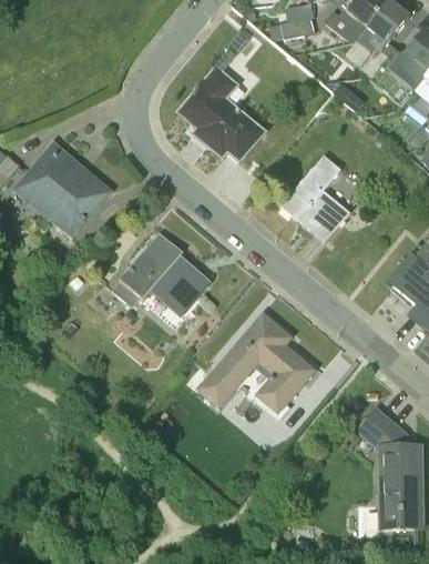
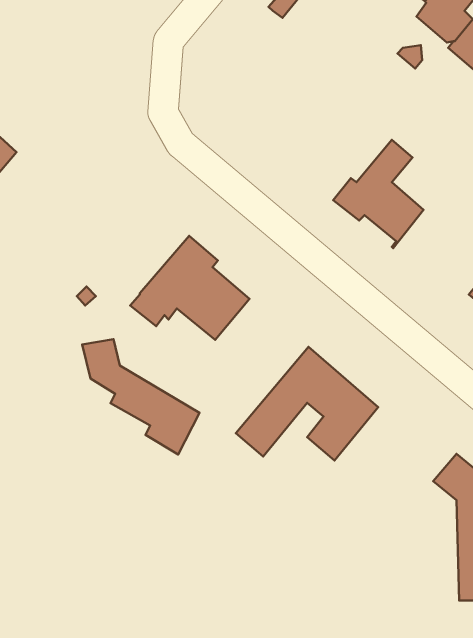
building: [186,66,266,160] -> none
building: [14,147,112,236] -> none
building: none -> [82,339,199,454]

